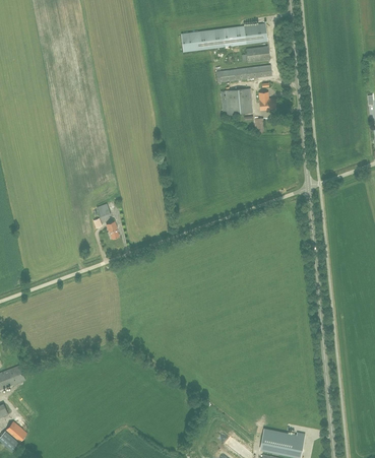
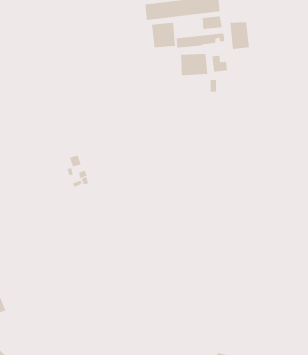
building: none -> [230,21,250,50]
building: none -> [151,22,176,48]

